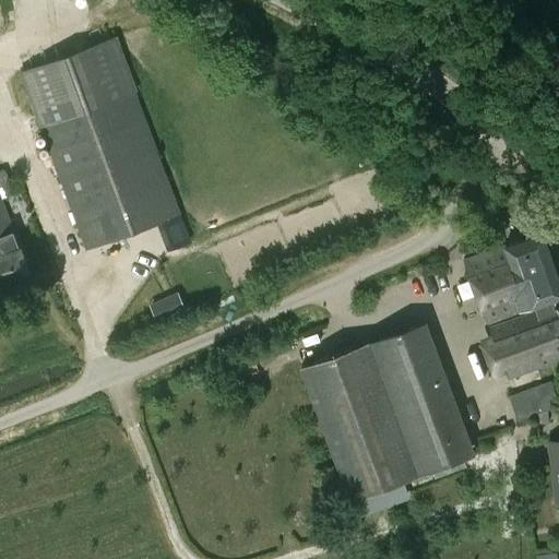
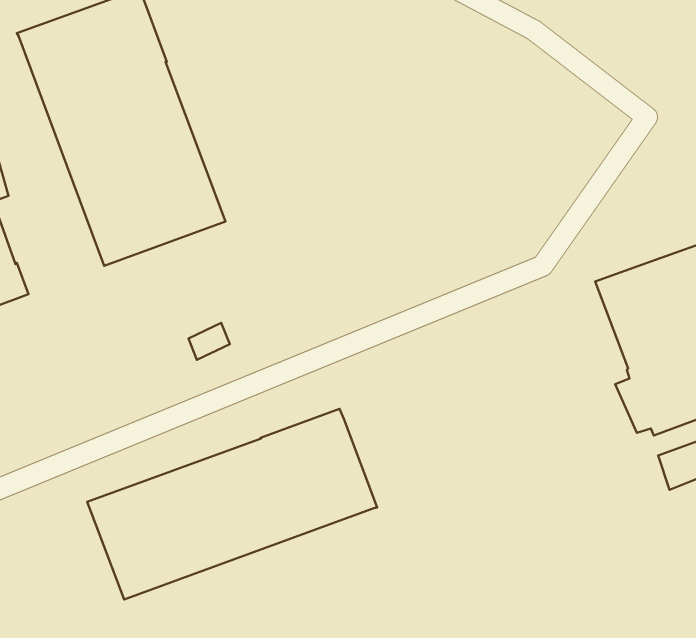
building: [301,325,469,502] -> none
building: none -> [87,409,377,600]

